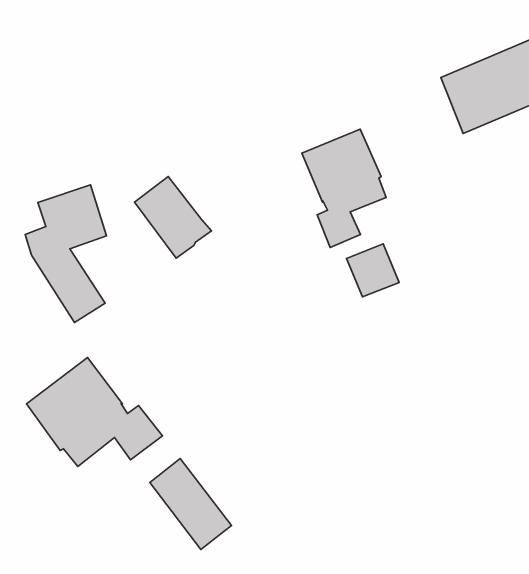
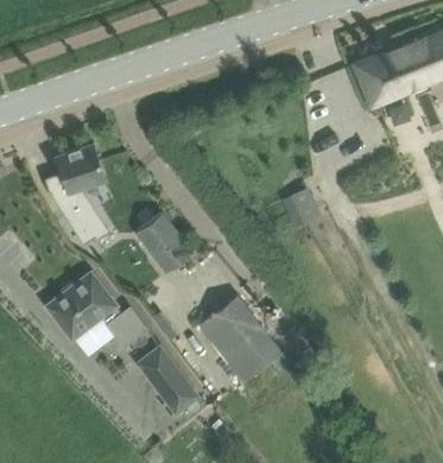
building: [302,129,386,248] -> none
building: [135,177,211,258] -> [137,213,194,273]
building: none -> [200,296,283,383]

